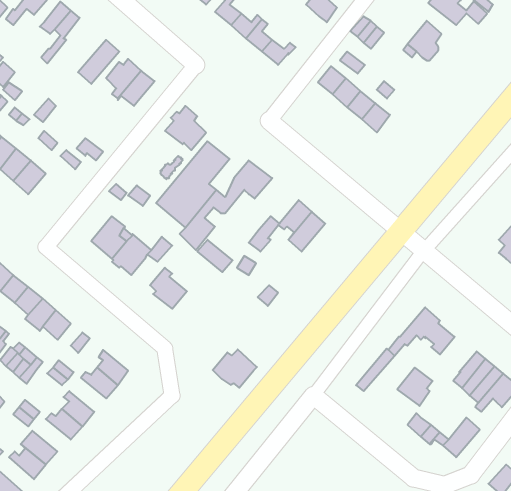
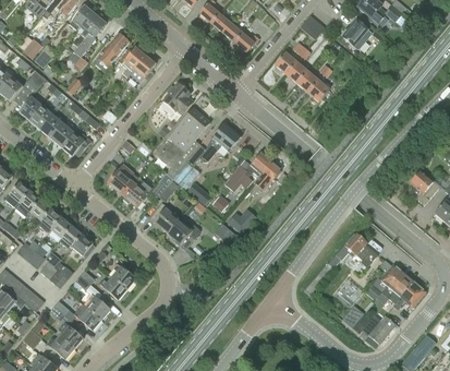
building: none -> [69,16,107,70]
building: none -> [61,132,92,156]
building: [213,349,257,388] -> [168,217,200,246]

